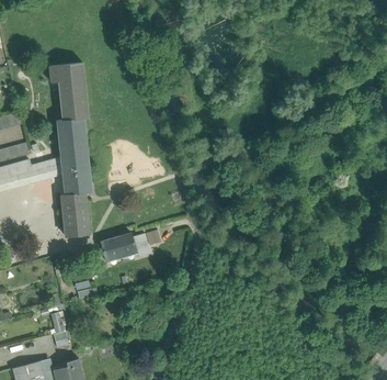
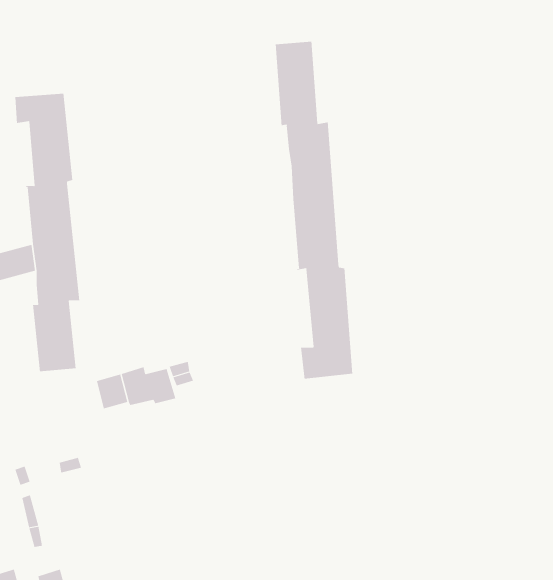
building: none -> [275,41,353,379]

